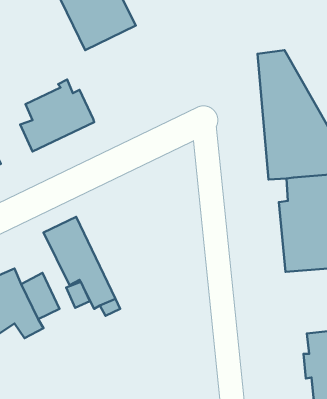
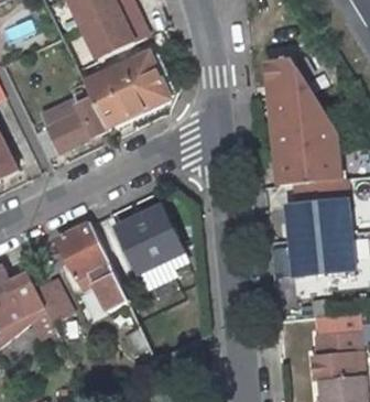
building: none -> [84,53,167,127]
building: none -> [109,203,189,284]

